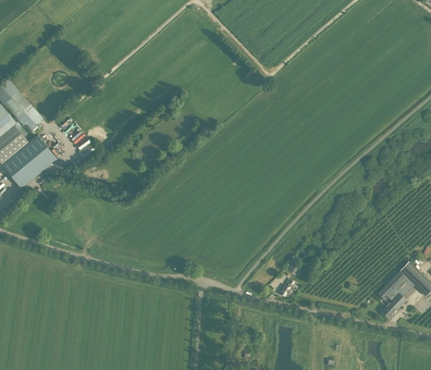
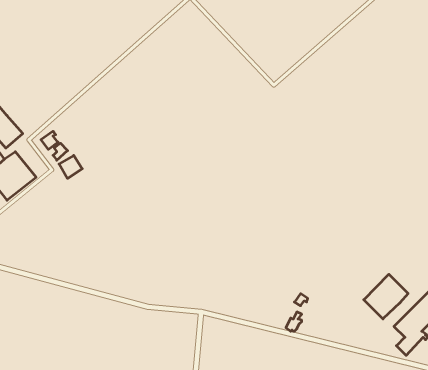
building: none -> [364,274,408,319]

